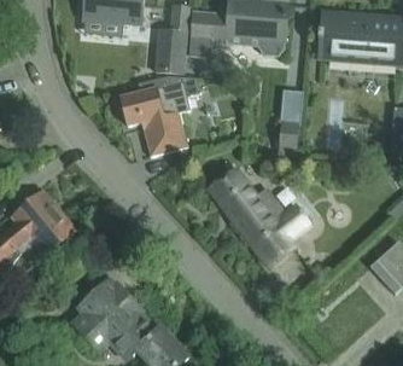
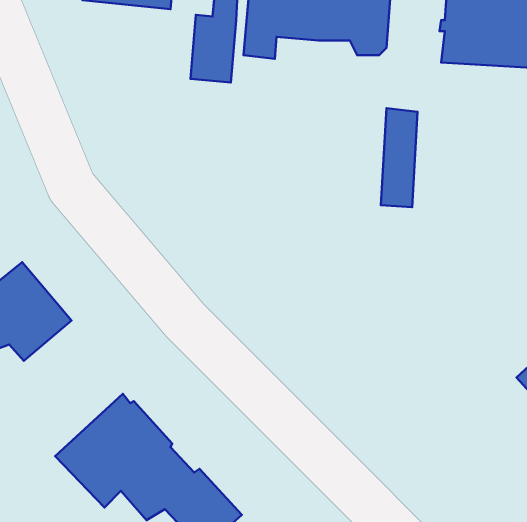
building: [119,75,198,156] -> none
building: [208,168,311,268] -> none

